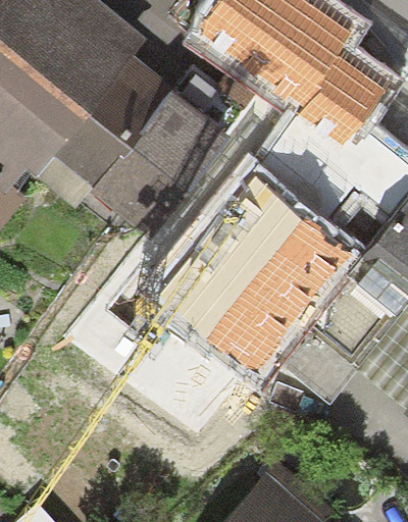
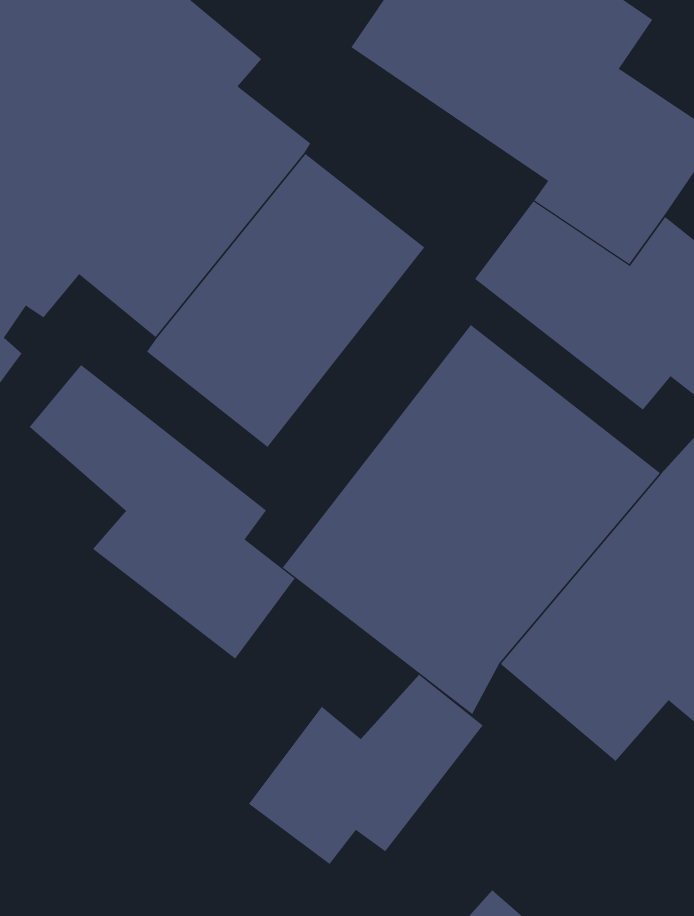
building: none -> [29,364,295,659]
building: none -> [248,674,483,865]

